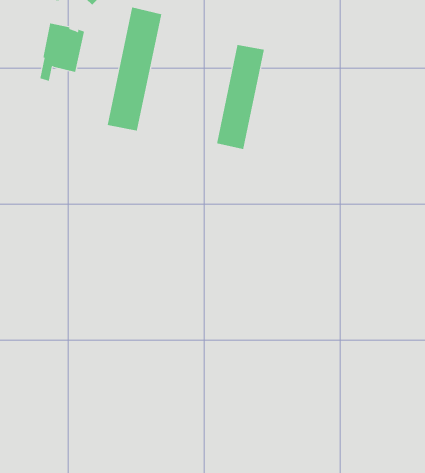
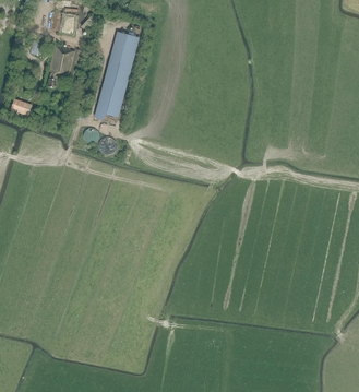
building: [216,44,265,150] -> none

